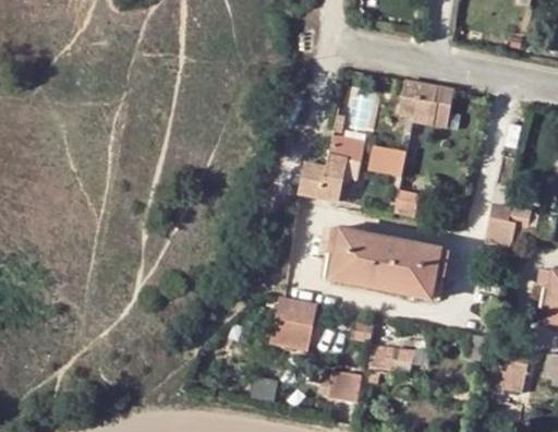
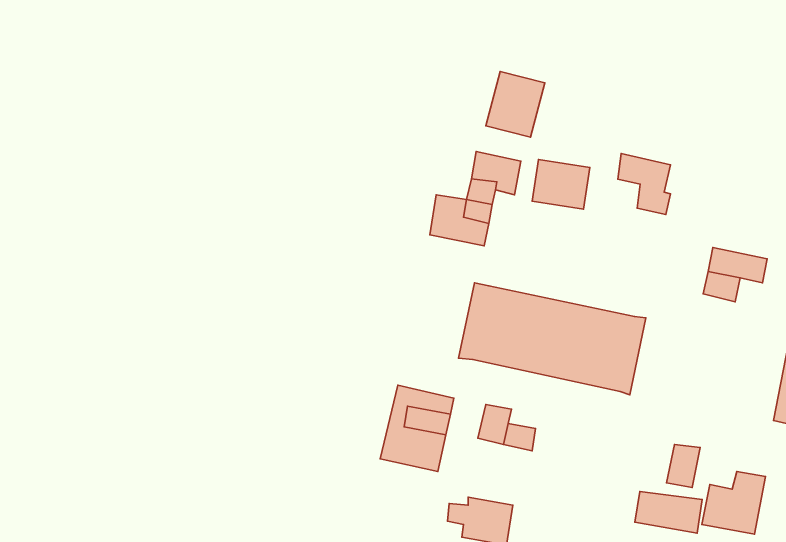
building: [401,79,437,120] -> [618,154,671,214]
building: [364,346,410,374] -> [635,492,702,533]

